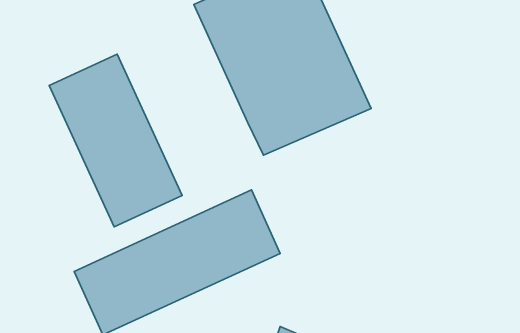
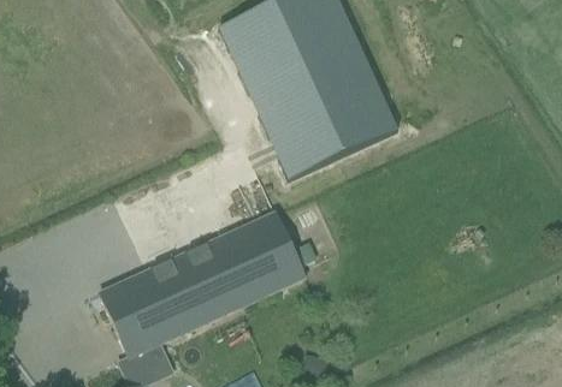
building: [49,54,182,227] -> none

